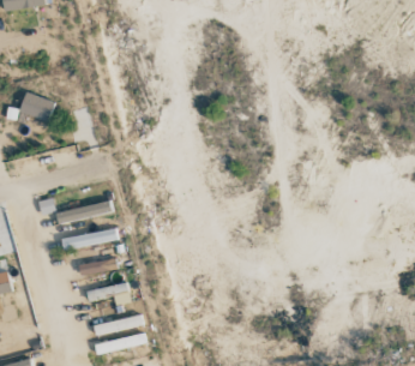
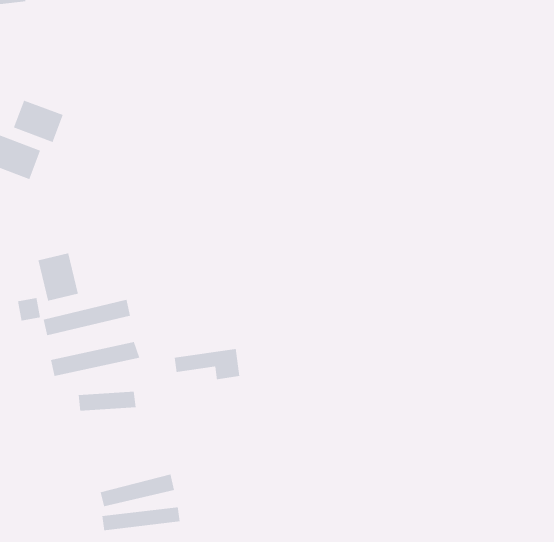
building: none -> [13,100,63,143]
building: none -> [38,252,78,301]
building: [88,283,131,304] -> [174,348,240,380]

